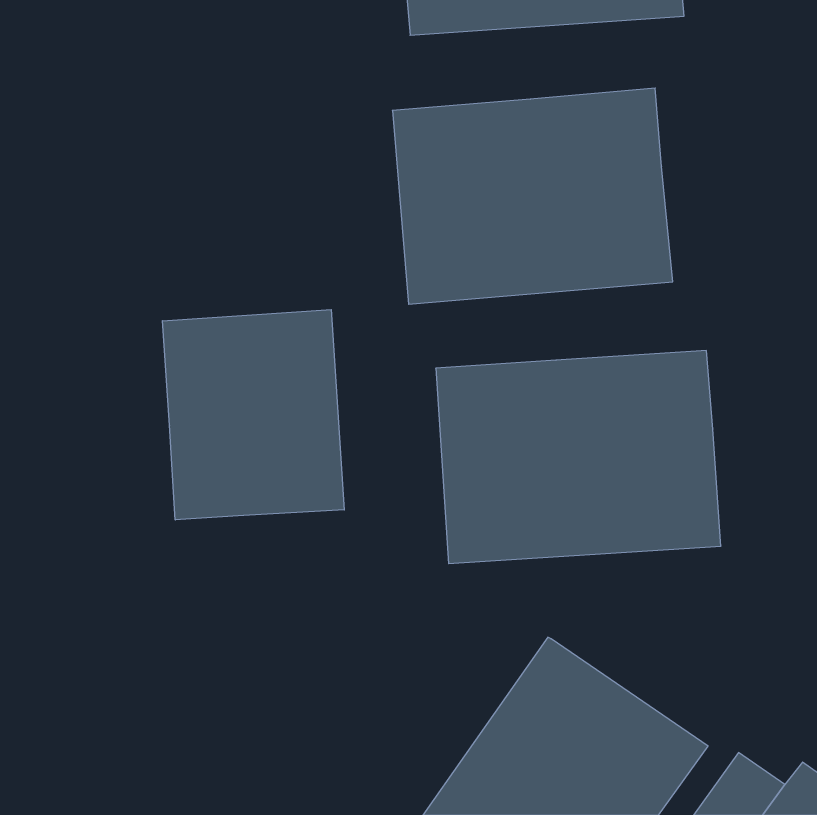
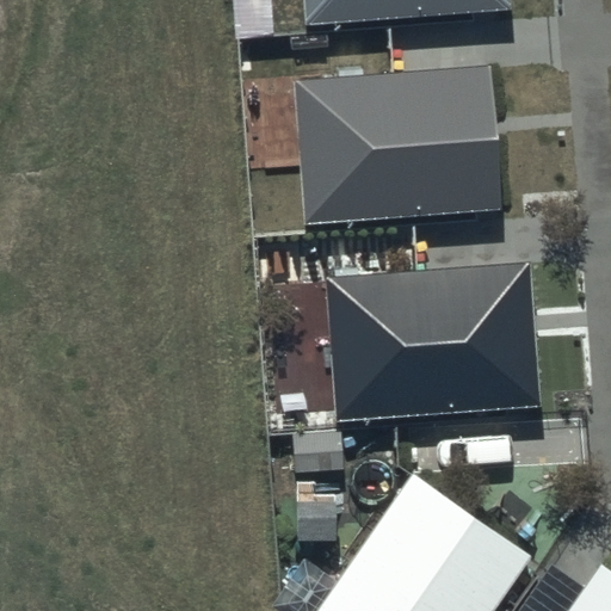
building: [162,310,344,520] -> none

